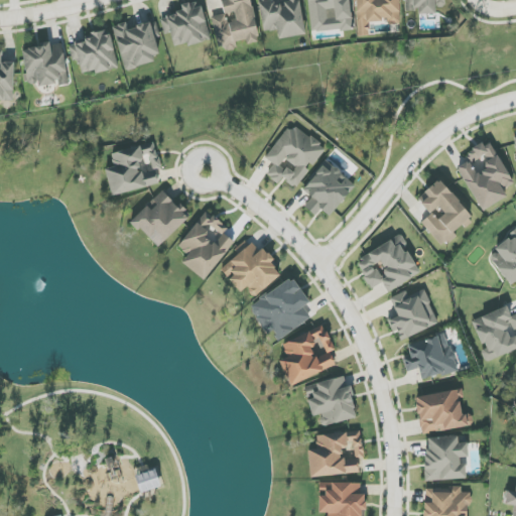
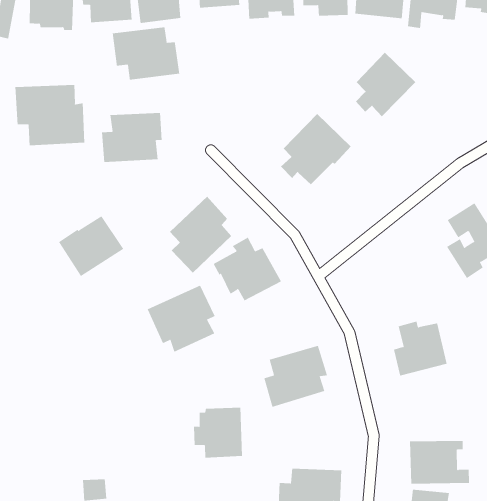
building: none -> [112,27,180,81]
building: none -> [15,84,85,146]
building: [303,158,356,216] -> [355,52,416,117]
building: [132,189,190,246] -> [58,215,124,277]
building: [356,234,420,290] -> none
building: [249,276,311,339] -> [147,285,215,353]
building: [402,332,458,379] -> none
building: [308,375,356,424] -> [193,407,243,458]

